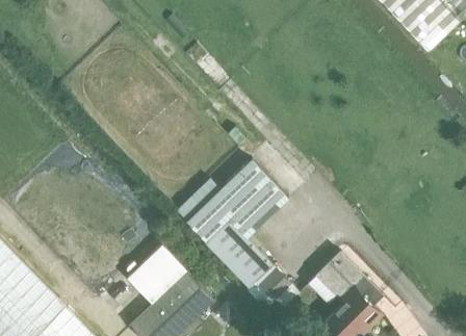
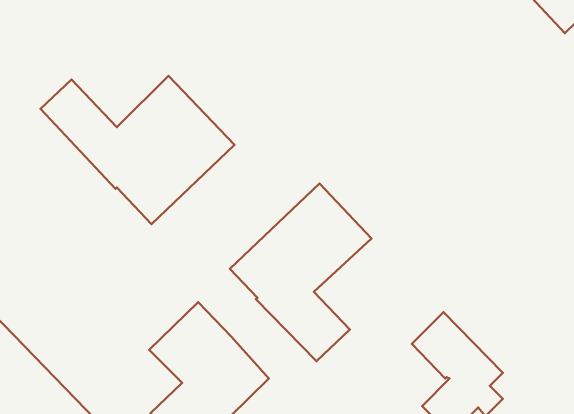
building: none -> [41,76,235,224]
building: [257,267,291,301] -> none

